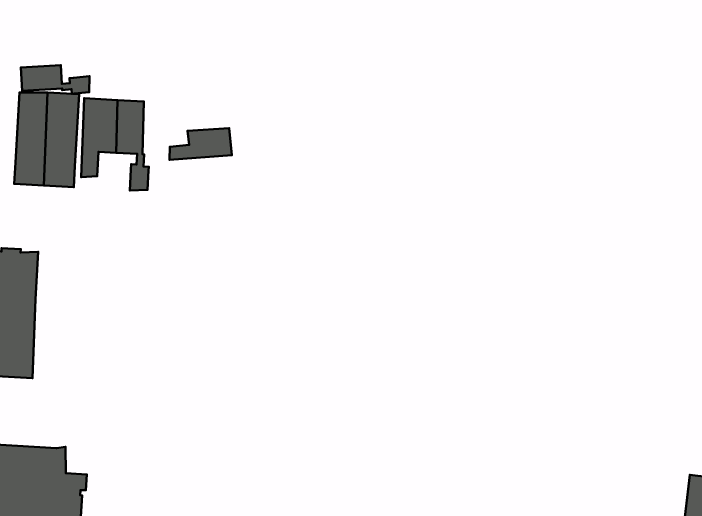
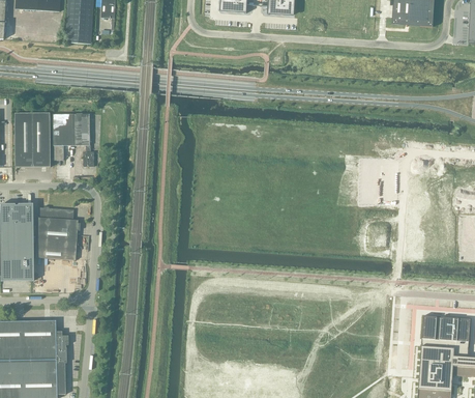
building: [21,65,90,94] -> none
building: [170,128,232,160] -> none
building: none -> [35,206,78,259]

